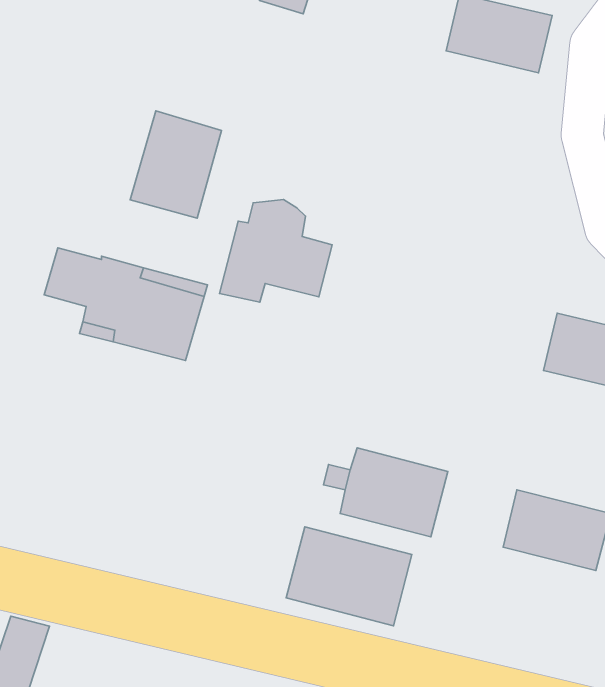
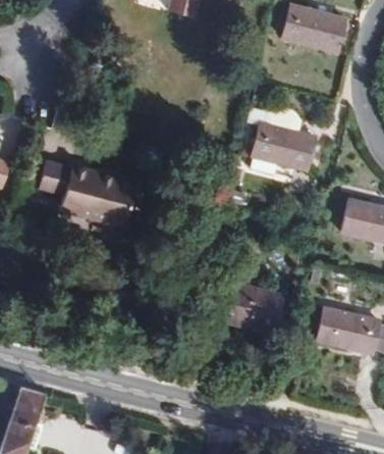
building: [130,111,222,218] -> none
building: [220,199,332,302] -> [246,110,315,172]
building: [286,527,412,626] -> none

